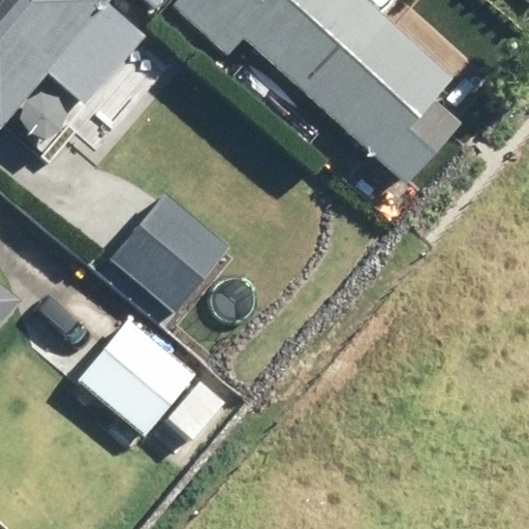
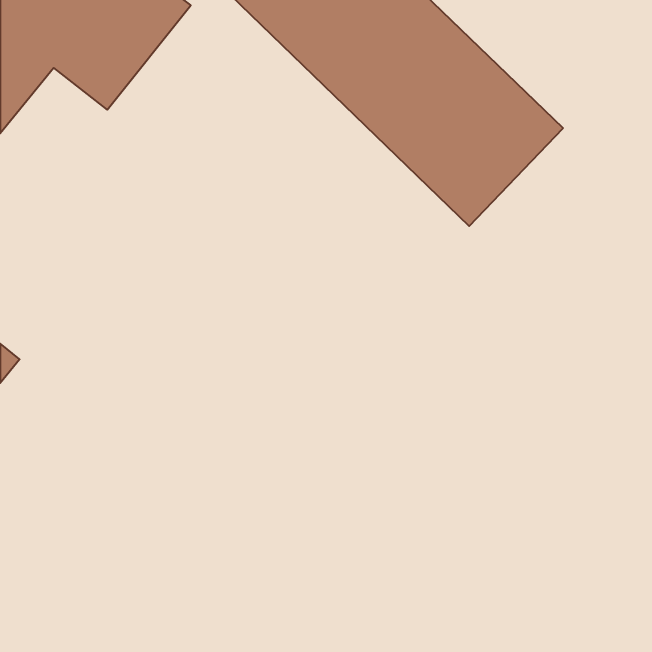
building: [122,197,246,310] -> none
building: [73,314,212,445] -> none

